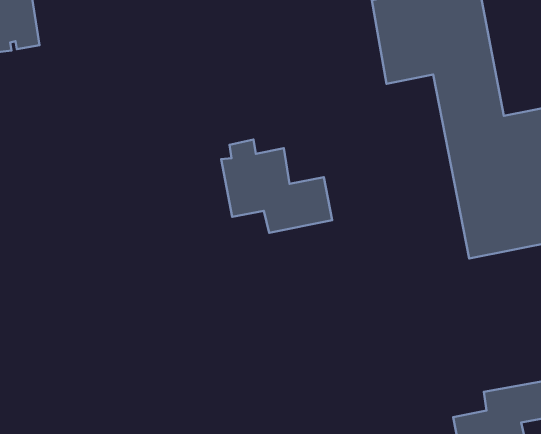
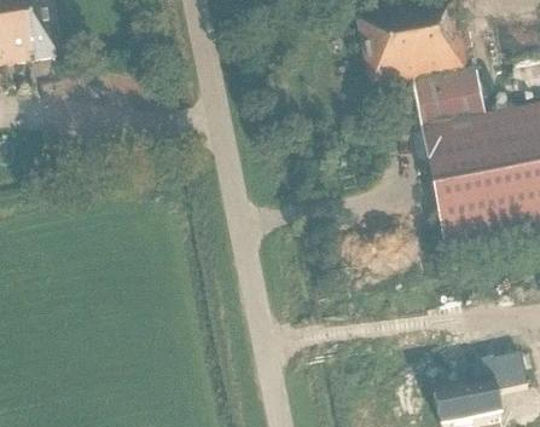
building: [221,139,332,233] -> none

